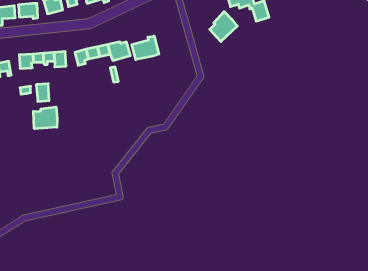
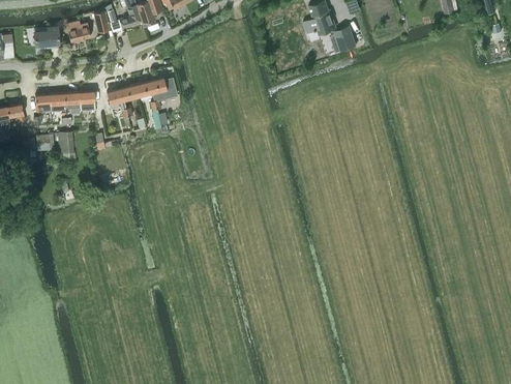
building: [210,12,237,42] -> none
building: [132,36,159,60] -> none
building: [33,107,57,129] -> none

